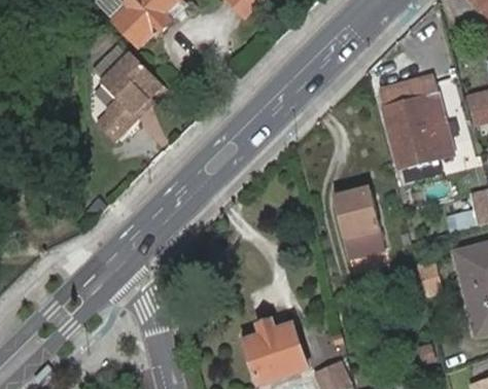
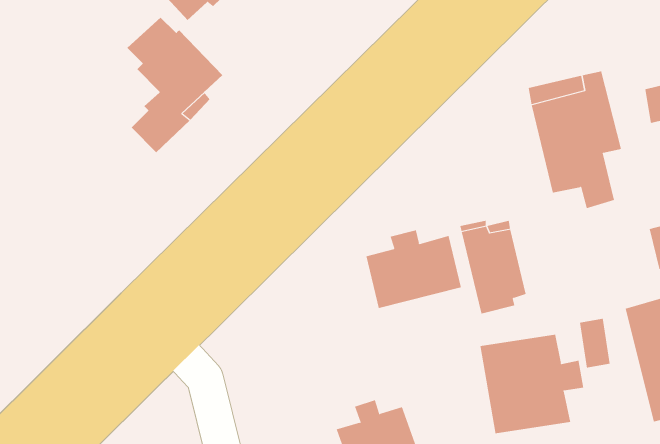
building: none -> [366,229,462,309]
building: none -> [480,334,584,434]

